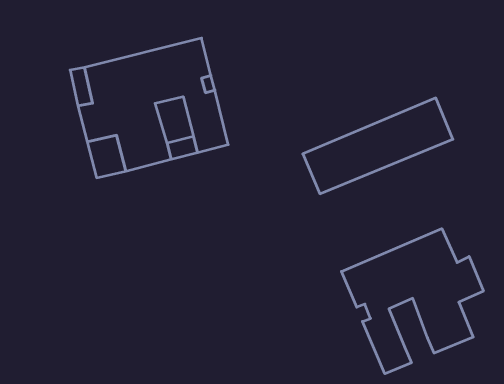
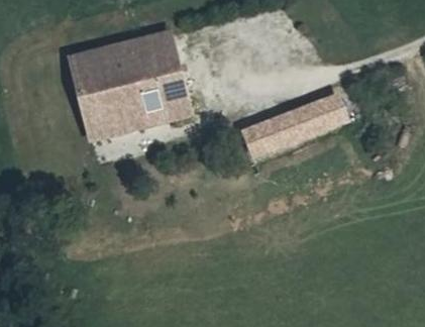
building: [341,229,483,374] -> none

